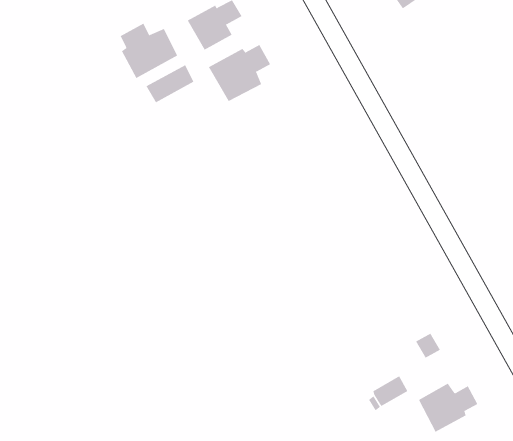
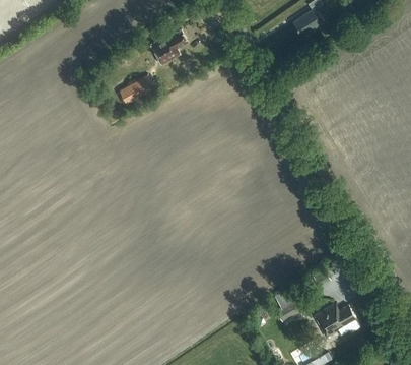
building: [120,23,178,79] -> none
building: [208,44,271,102] -> none

